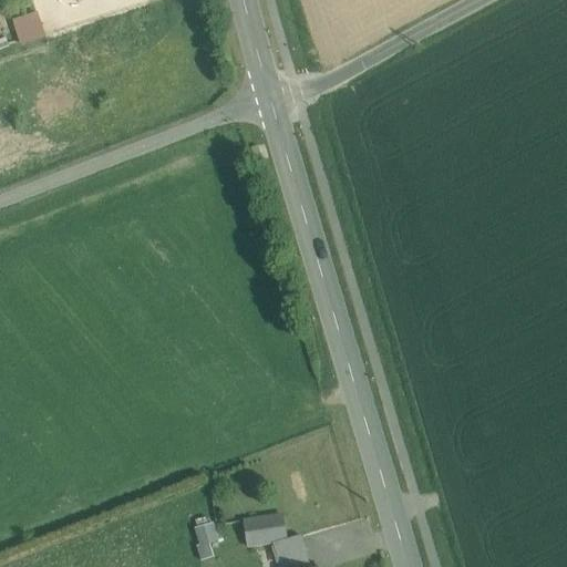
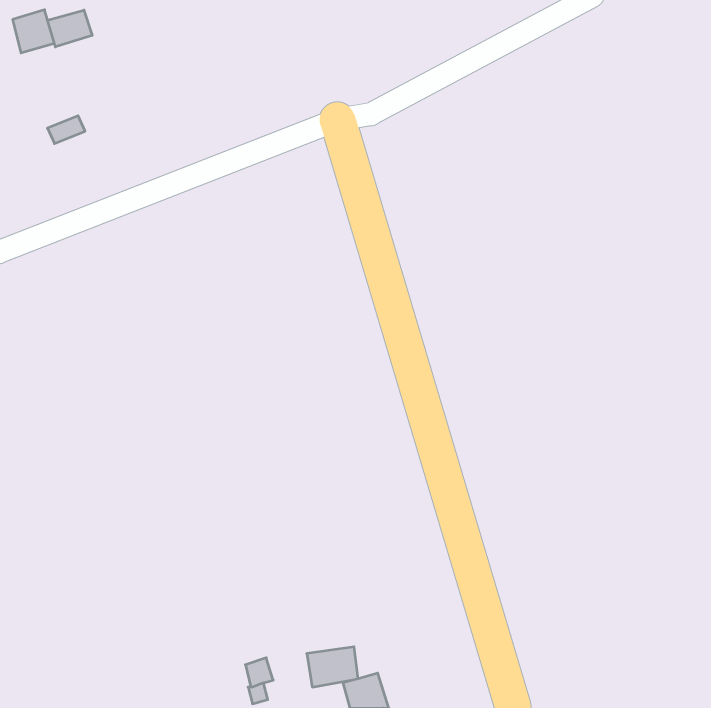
building: none -> [48,10,92,47]

